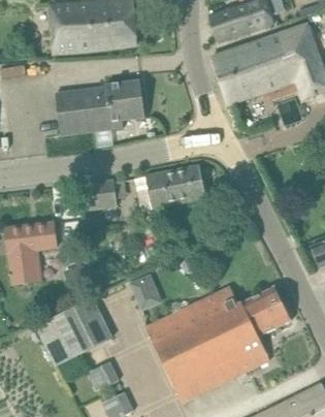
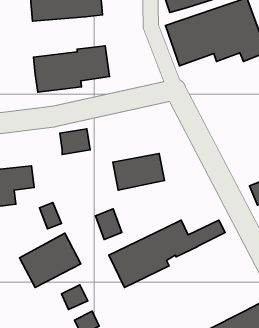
building: [145,164,206,207] -> [113,153,164,190]
building: [163,299,291,402] -> none

